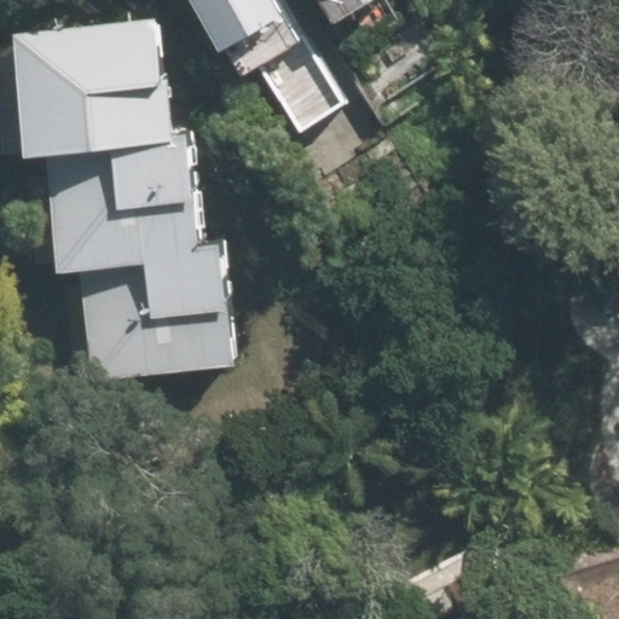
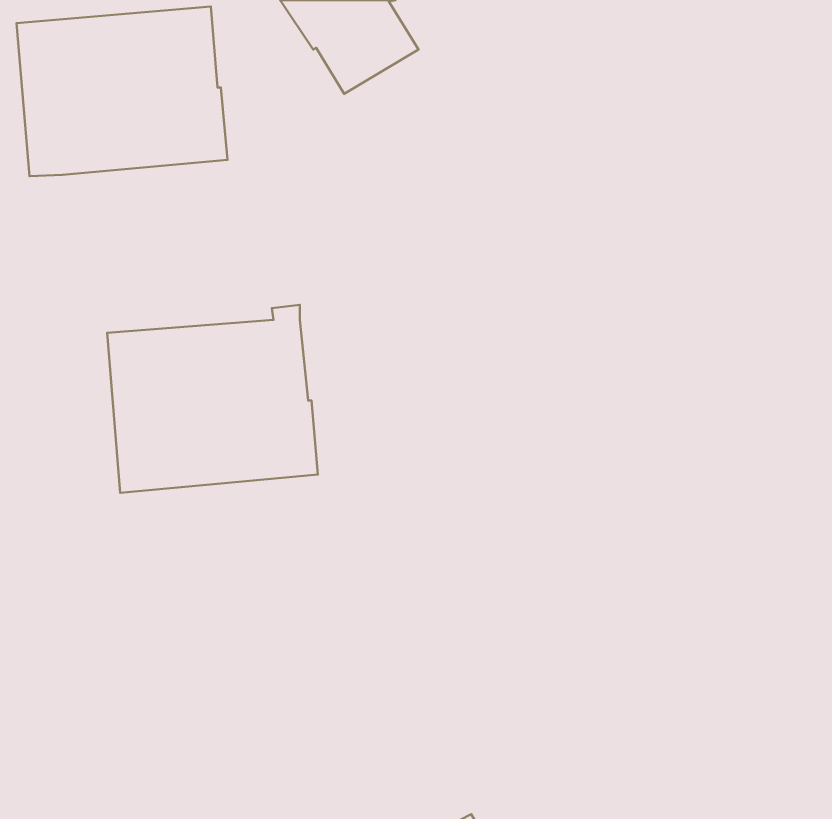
building: [46,133,201,264] -> none

